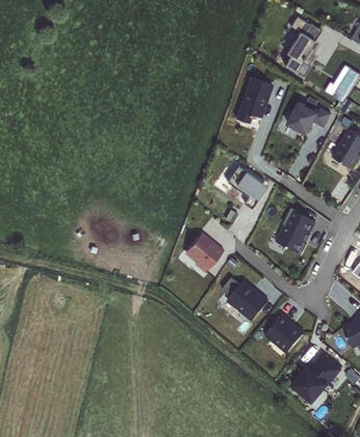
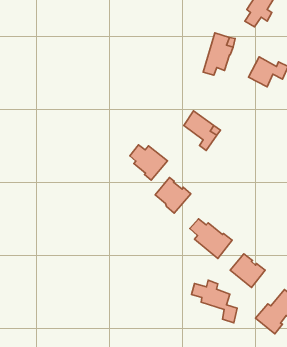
building: none -> [130,145,168,180]
building: [279,208,314,252] -> none
building: none -> [191,280,237,323]

